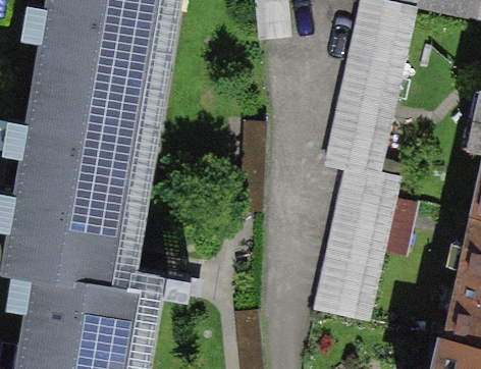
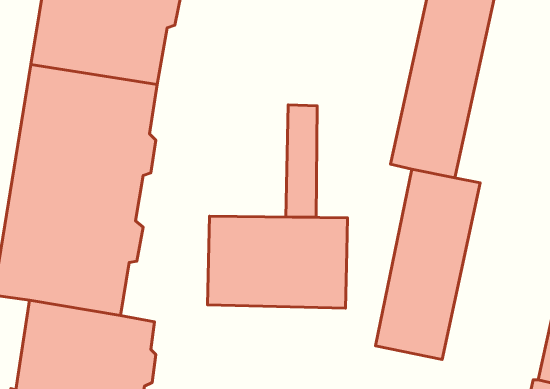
building: none -> [208,216,348,308]

